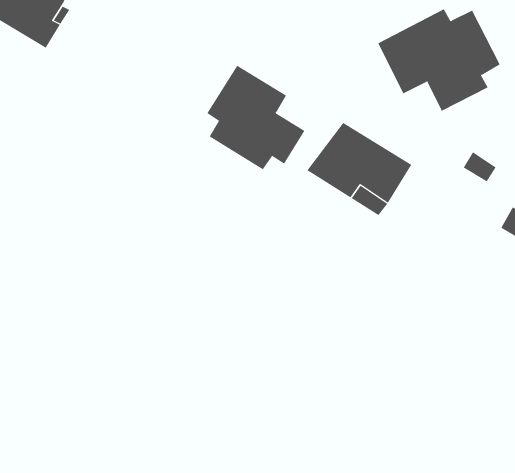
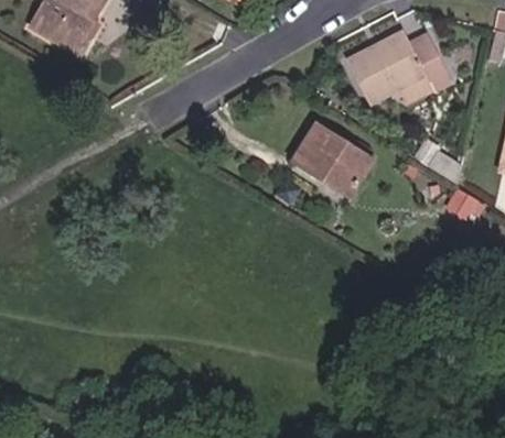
building: [206,65,305,170] -> none

